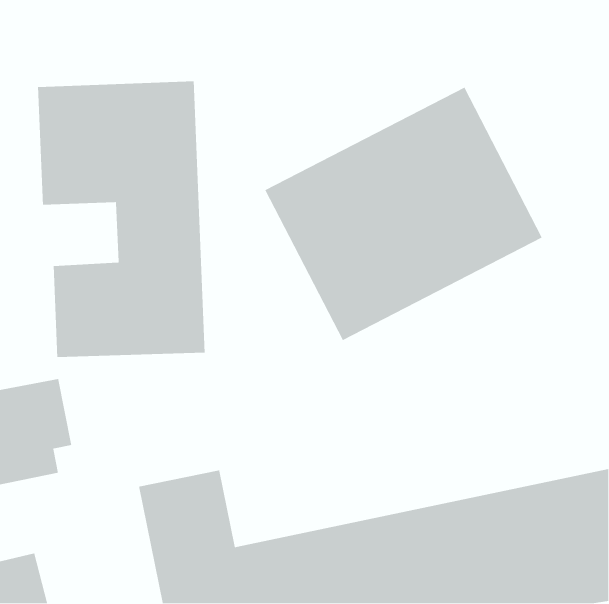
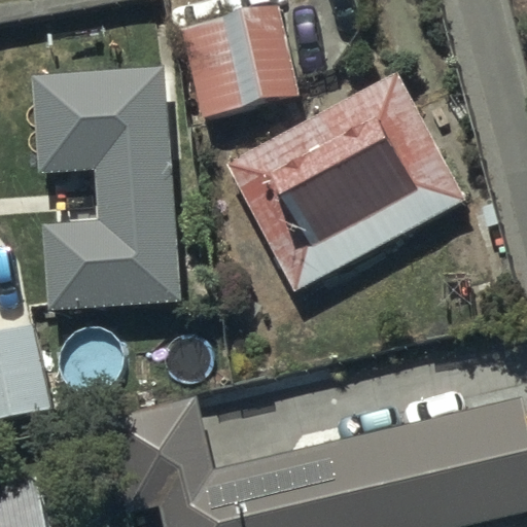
building: none -> [181,7,298,118]

